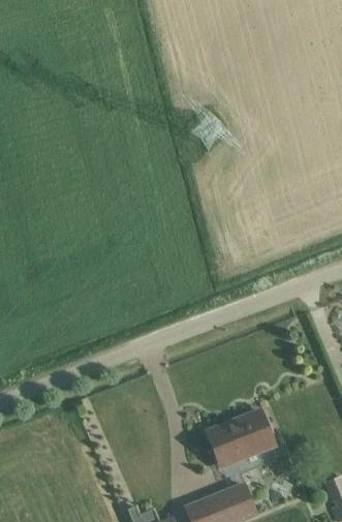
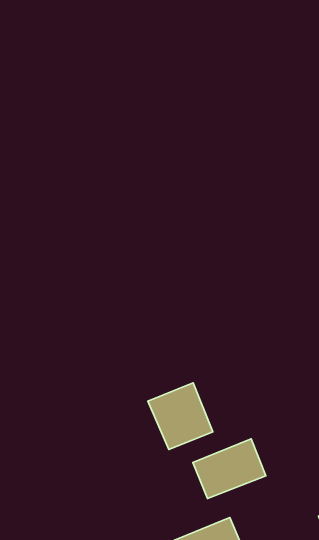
building: none -> [148,383,213,450]

